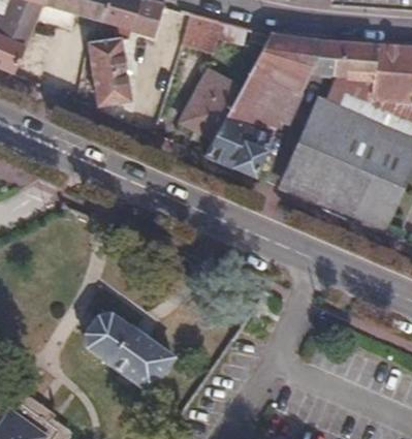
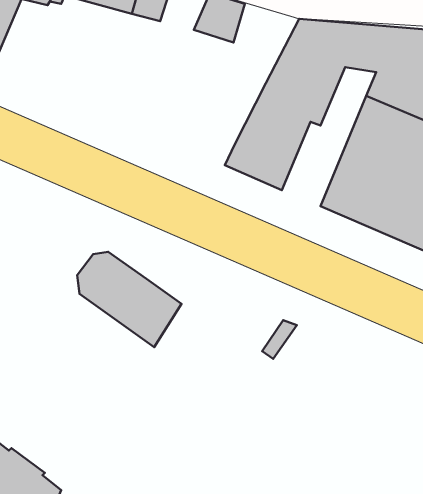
building: [85,37,129,105] -> none
building: [181,71,240,138] -> none
building: [85,311,171,390] -> [77,252,181,347]

